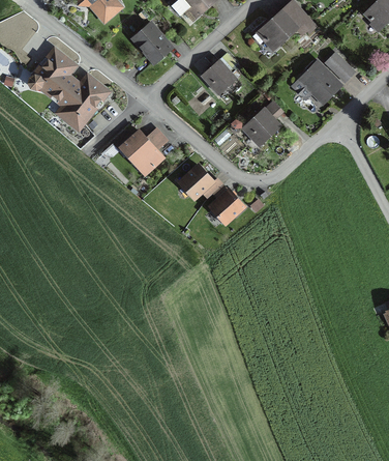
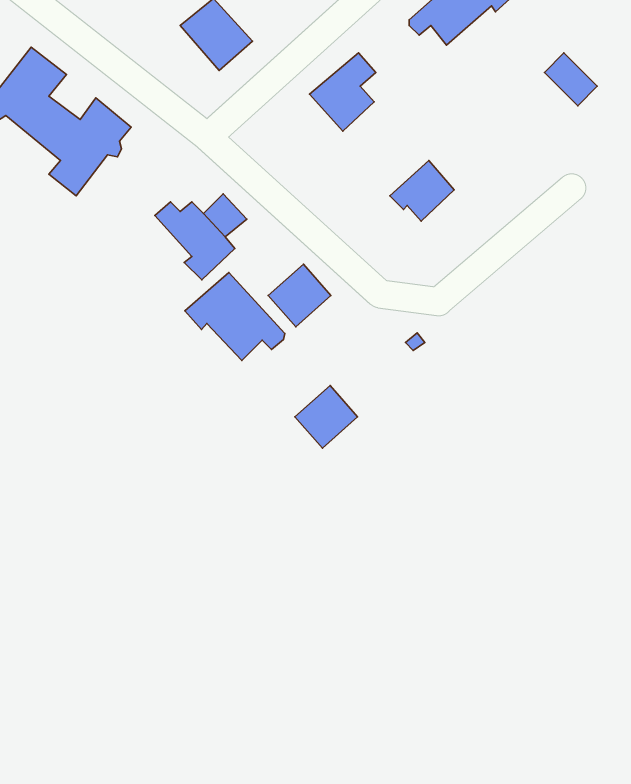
building: [292,61,341,102] -> none
building: none -> [185,272,285,360]
building: [211,190,244,223] -> [295,386,358,448]

